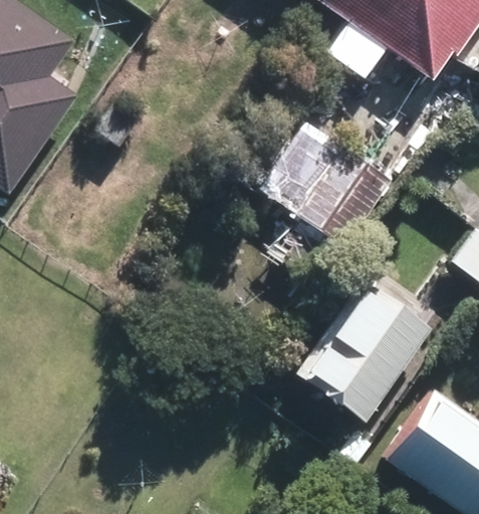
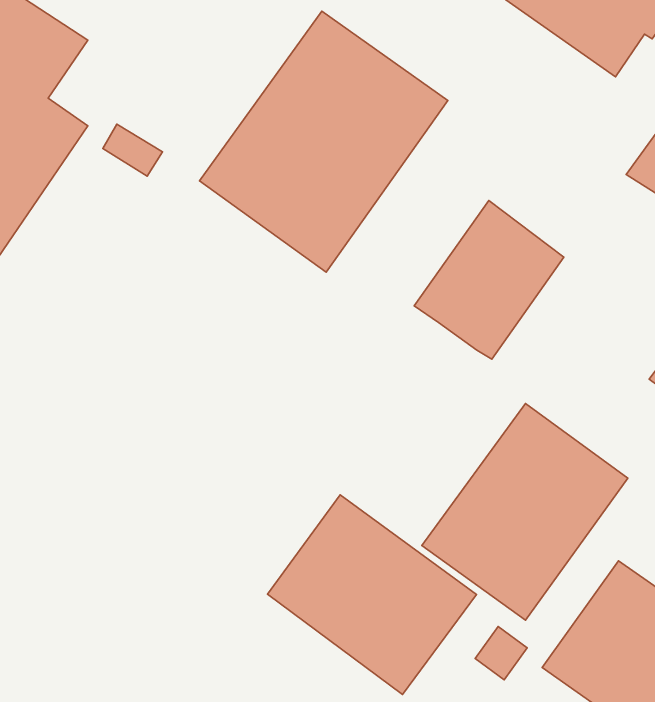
building: none -> [199,11,448,272]
building: none -> [267,495,477,694]

